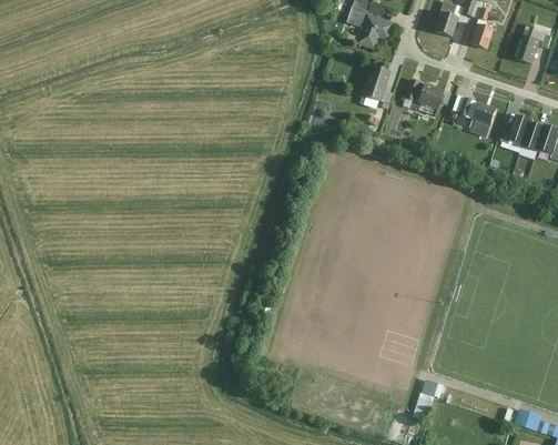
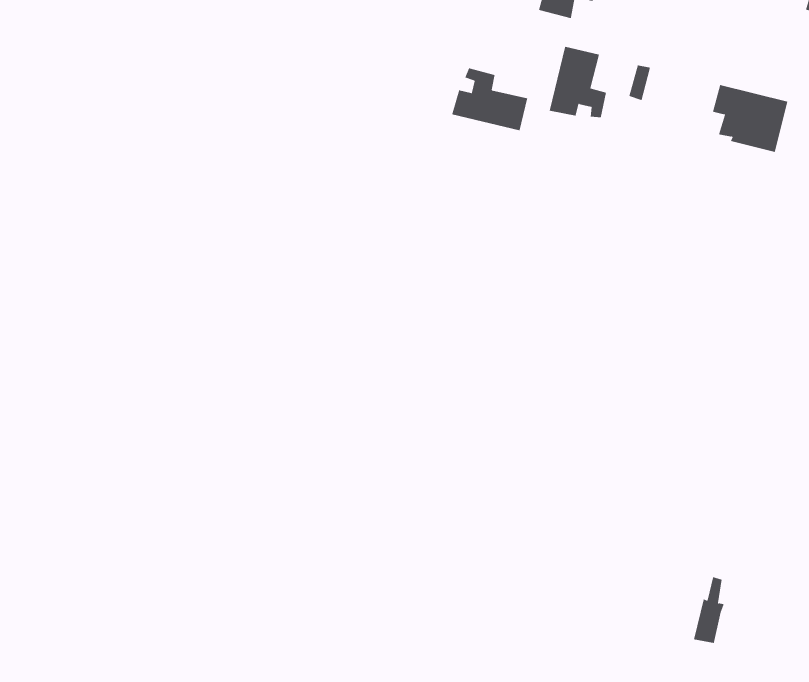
building: none -> [452,68,528,131]
building: [416,82,443,114] -> none

